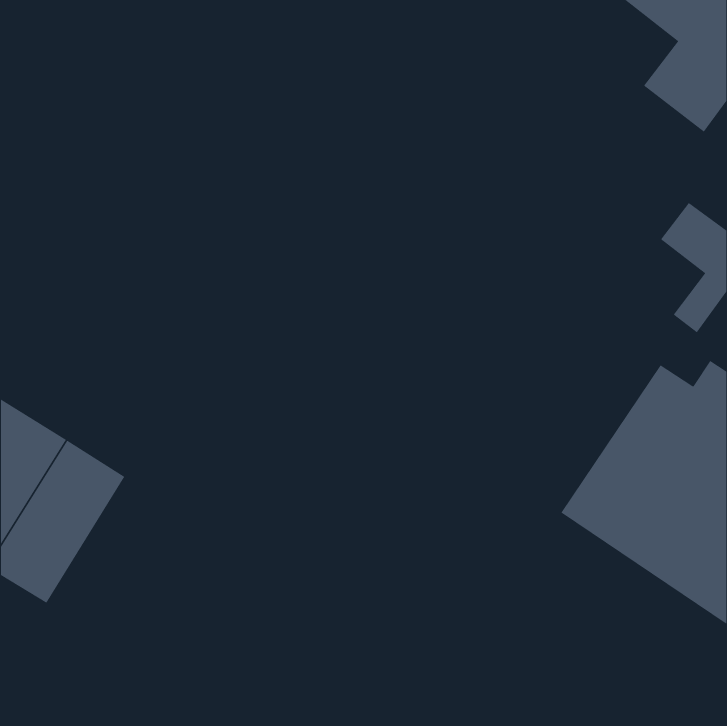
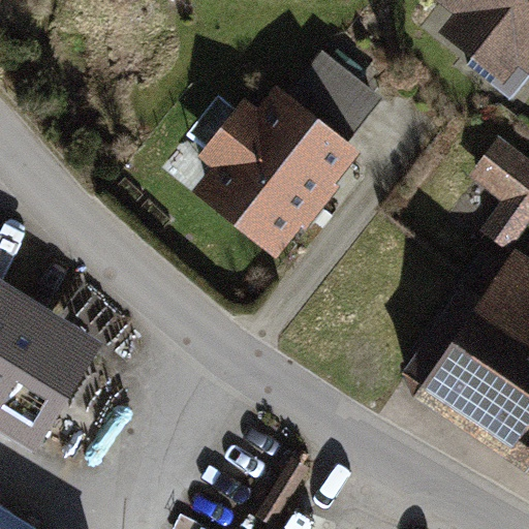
building: none -> [209,58,372,241]

